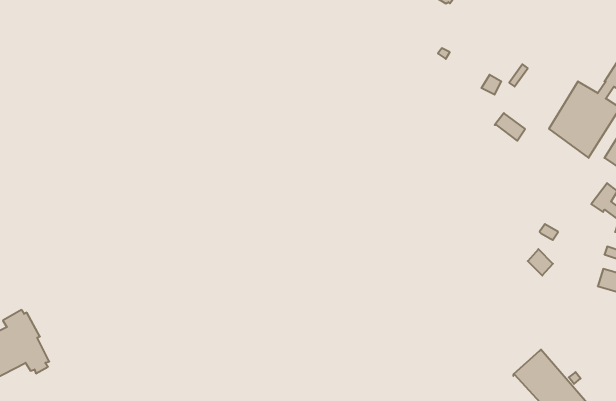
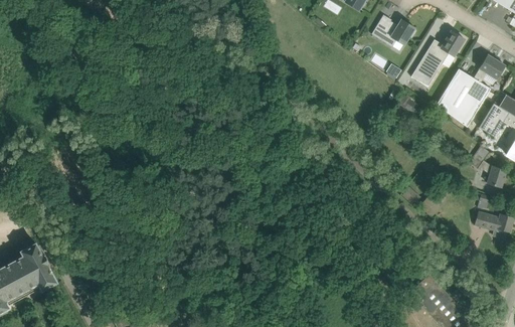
building: none -> [371,14,415,46]
building: none -> [411,30,465,87]

